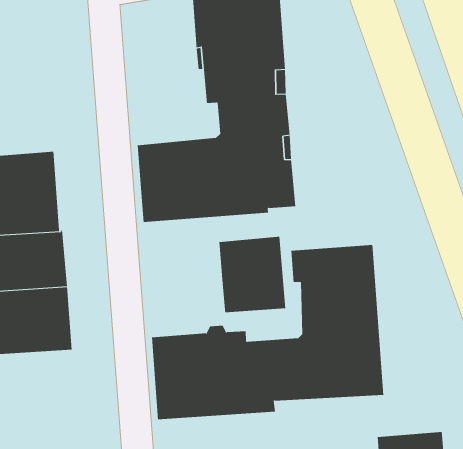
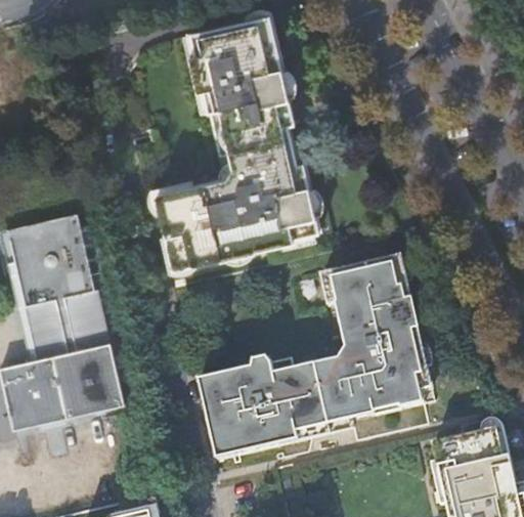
building: [219,236,286,313] -> none

